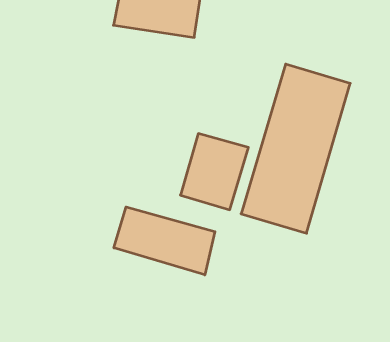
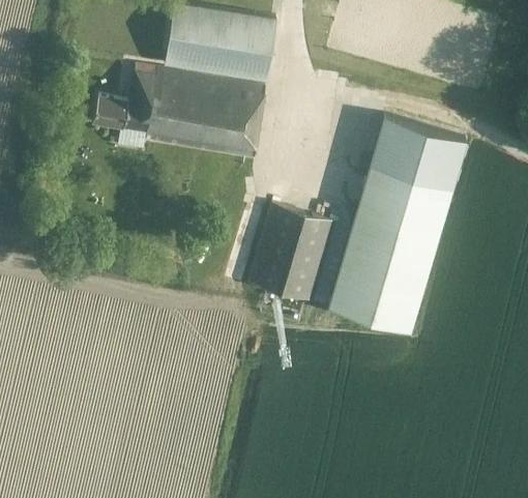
building: none -> [92,65,266,158]
building: [114,207,215,275] -> none

